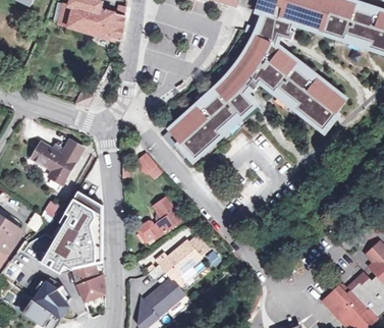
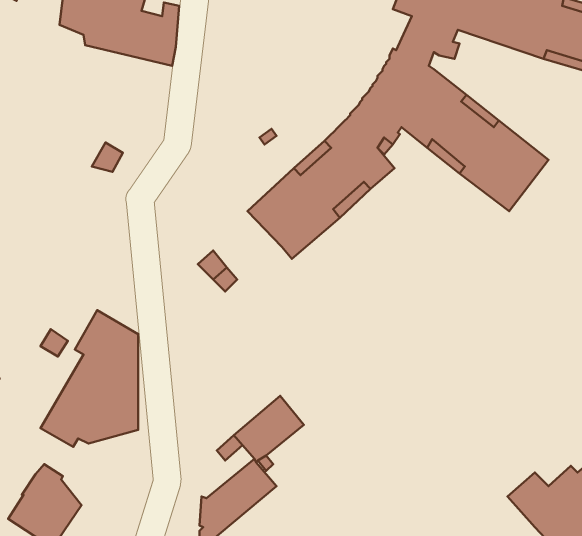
building: [32,140,84,183] -> none
building: [138,196,180,240] -> none
building: [73,263,105,302] -> none

